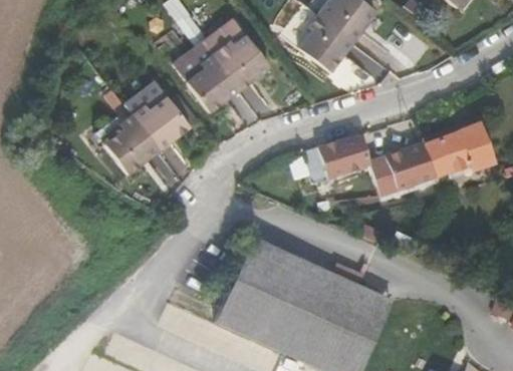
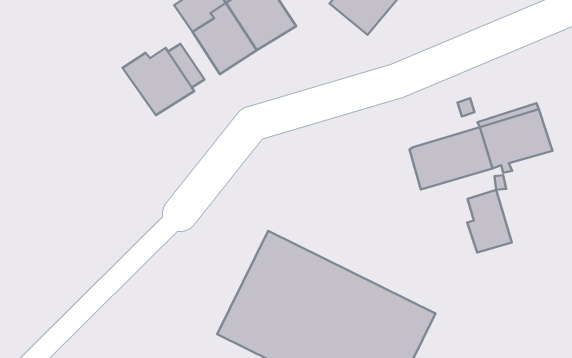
building: [104,111,161,171] -> none
building: [319,134,371,179] -> none
building: none -> [467,190,512,252]

